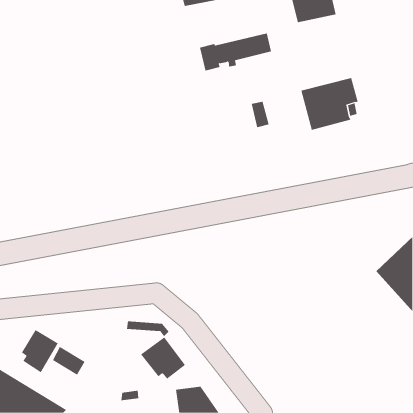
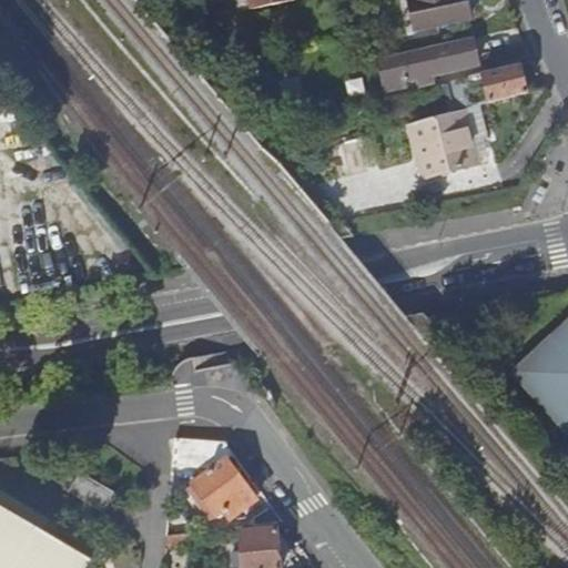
building: [199,33,272,71] -> [377,39,476,91]
building: none -> [468,65,526,102]
building: [21,329,59,373] -> none

